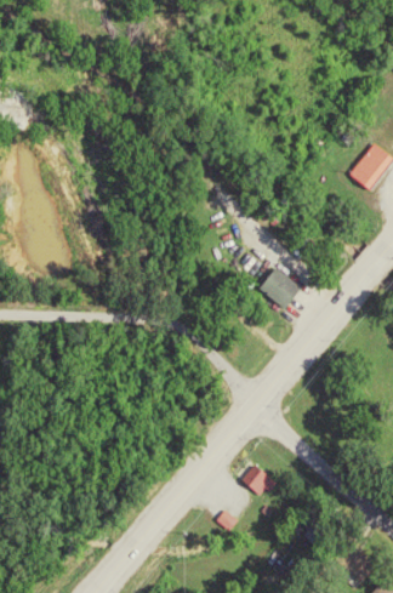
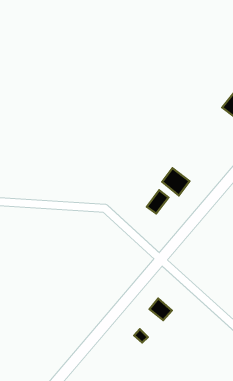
building: none -> [147,190,169,213]

